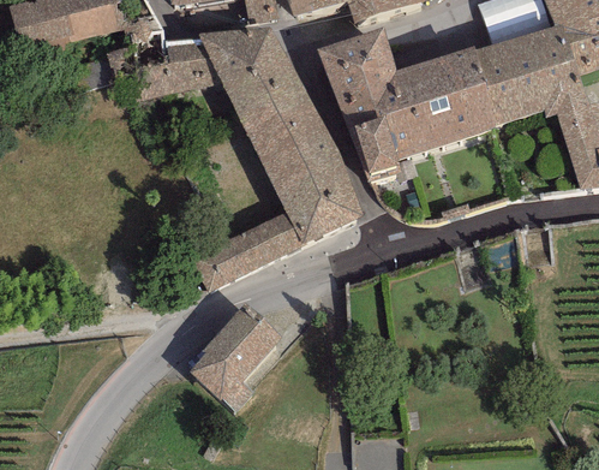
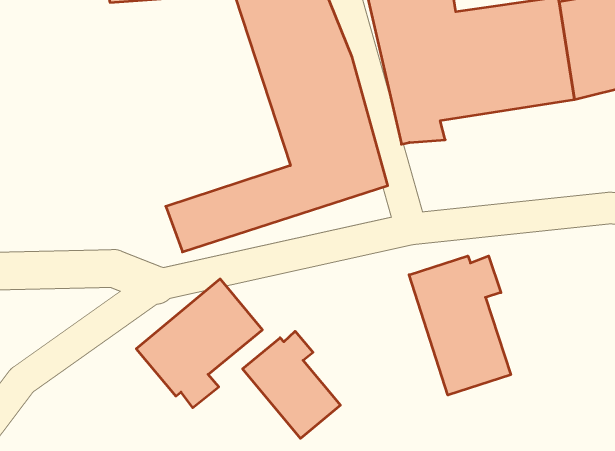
building: none -> [409,256,511,395]
building: none -> [243,331,340,438]

